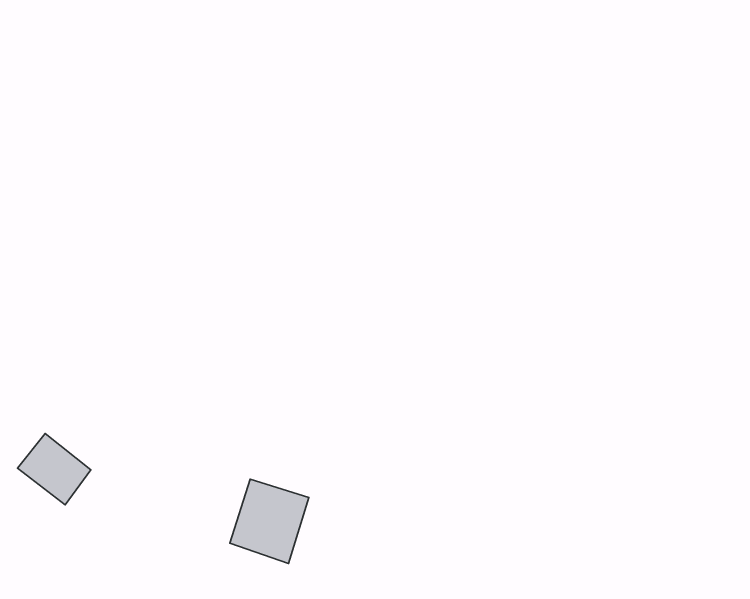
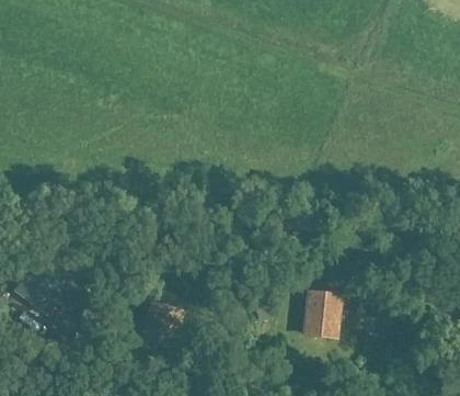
building: none -> [306,293,341,338]

